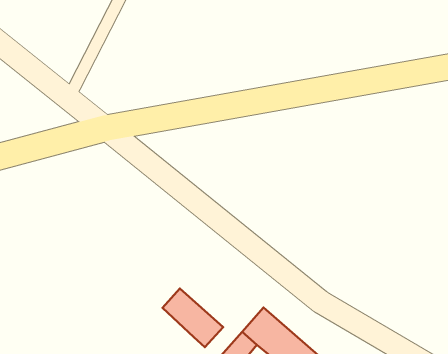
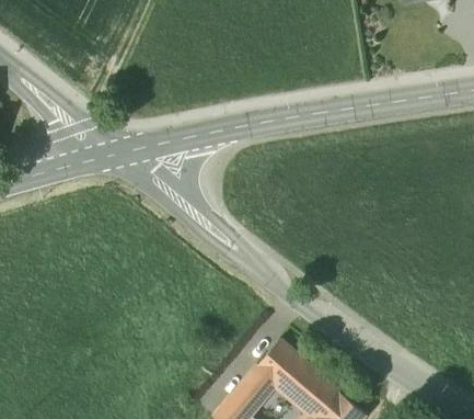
building: [162,289,223,347] -> none

